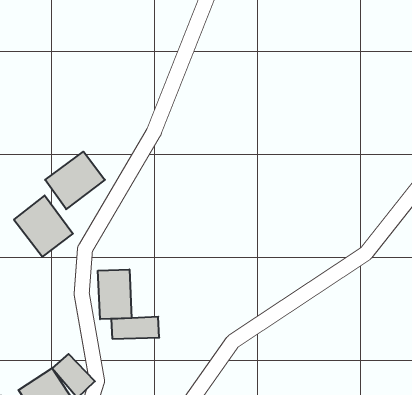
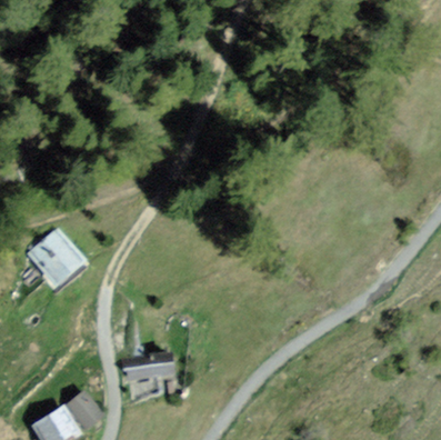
building: [45,152,105,209] -> none
building: [98,269,132,319] -> none

